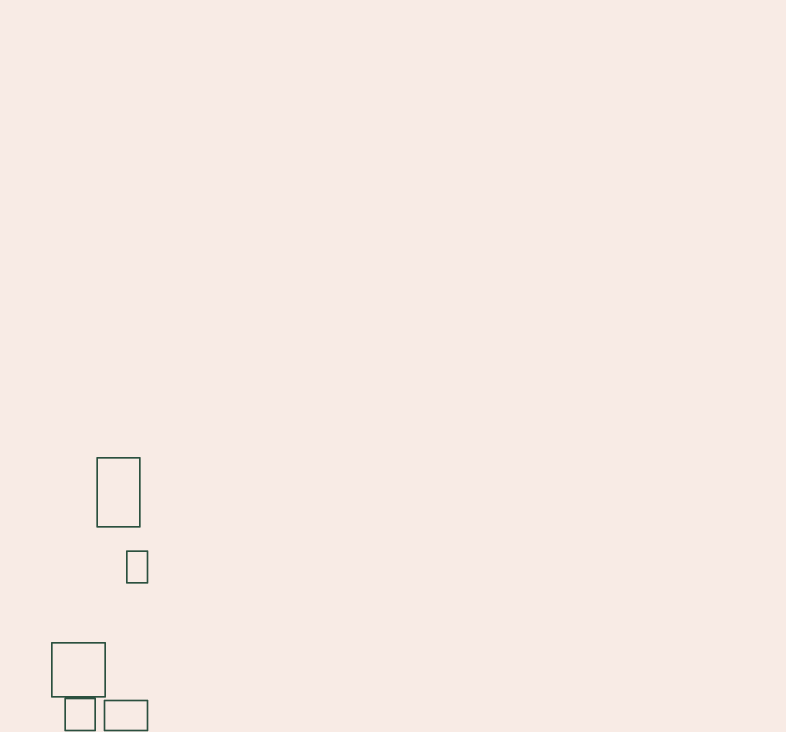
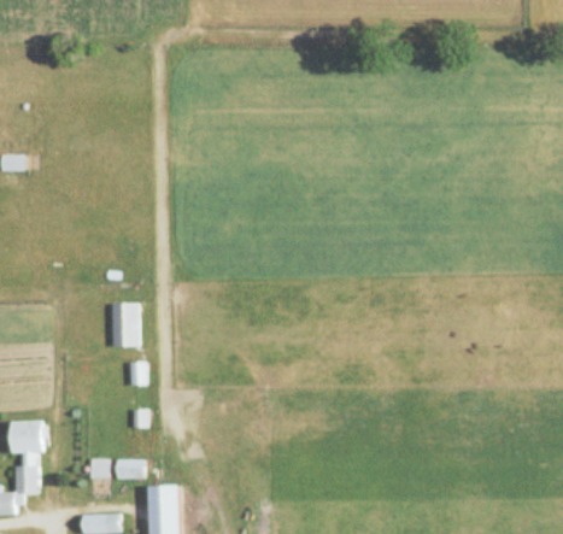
building: [52,643,105,697] -> none

